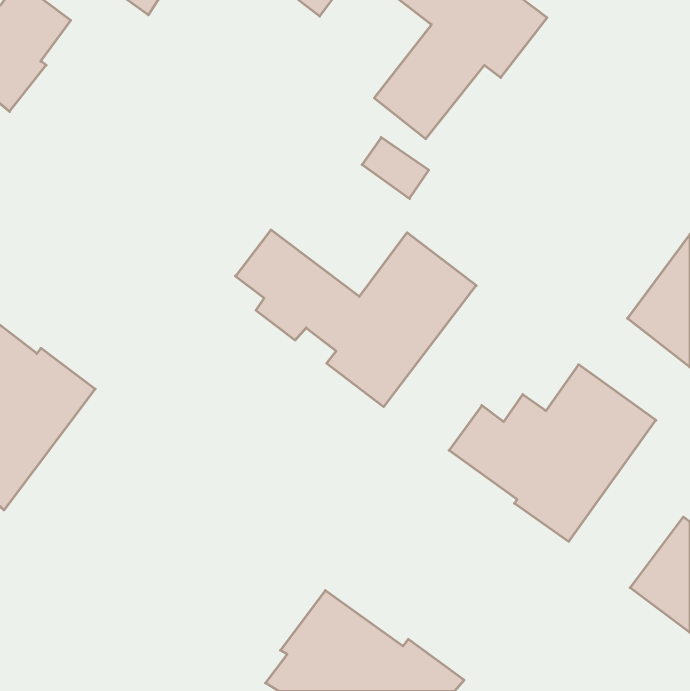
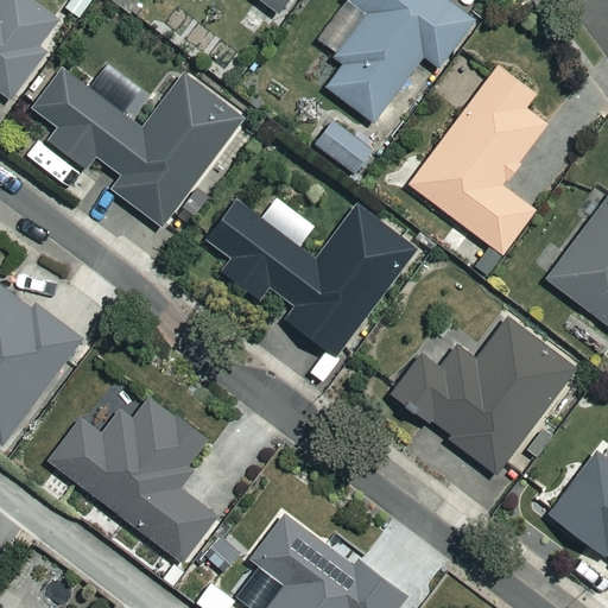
building: none -> [410,64,546,253]
building: none -> [32,68,240,224]
building: none -> [49,395,217,562]

